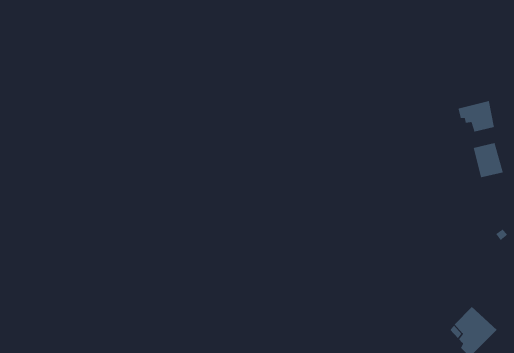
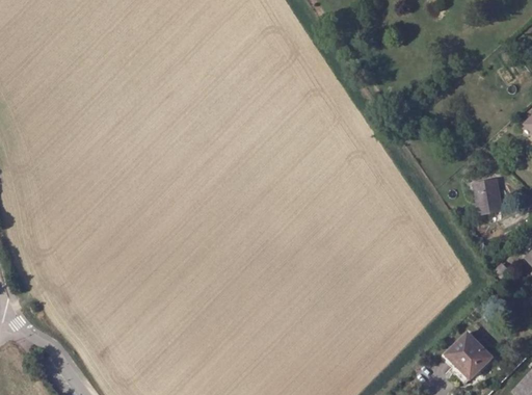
building: [458,100,495,133] -> none

